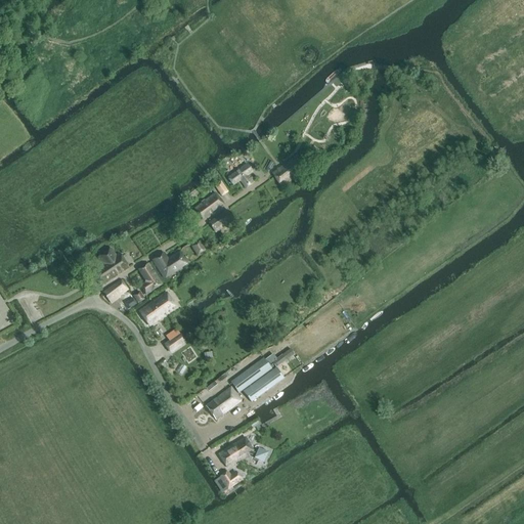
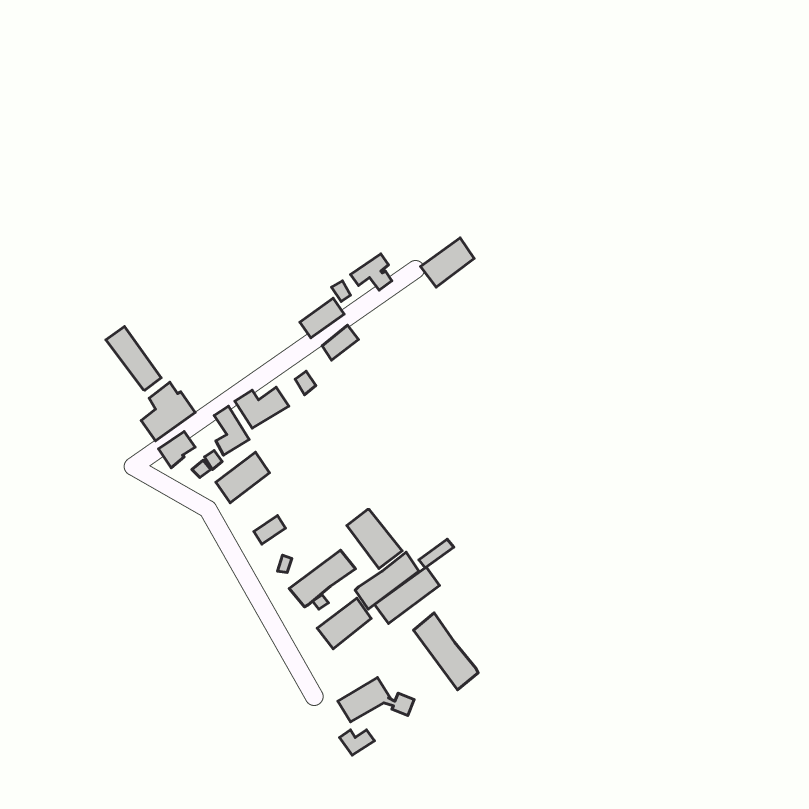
building: none -> [106,327,161,390]
building: none -> [347,509,402,568]
building: none -> [289,550,356,607]
building: none -> [413,613,478,690]

